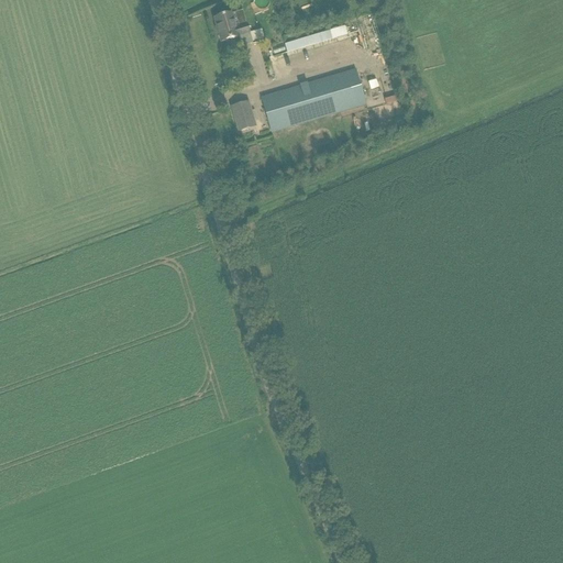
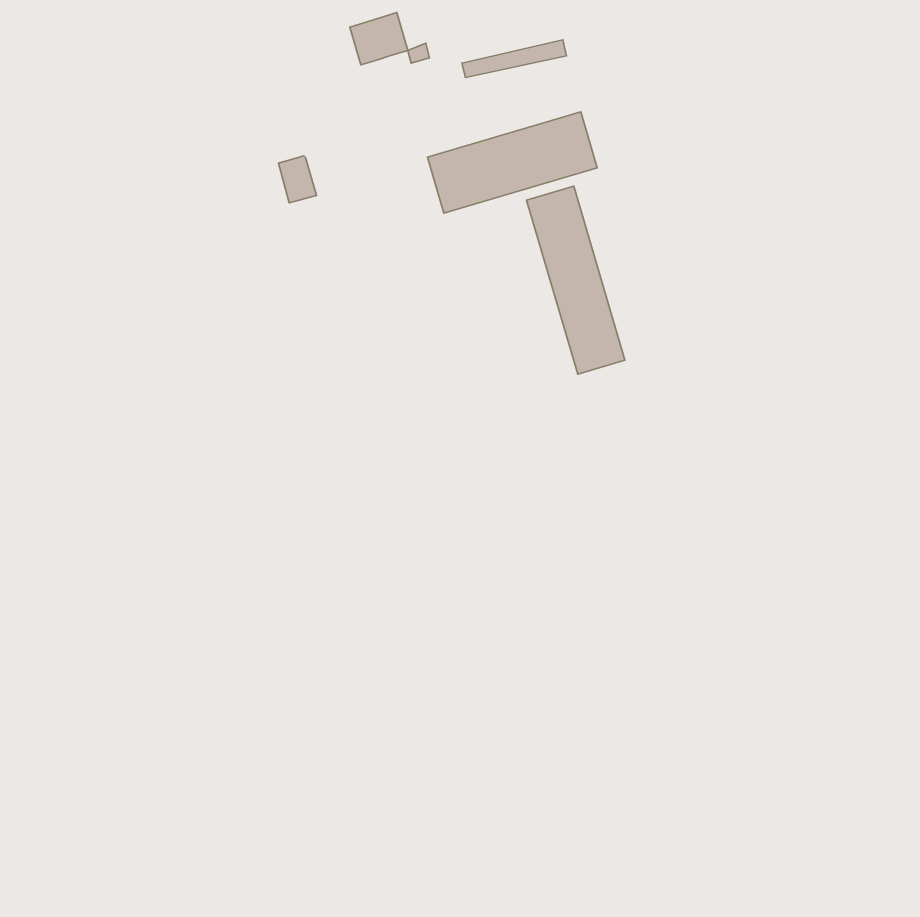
building: [231,100,254,129] -> [279,156,316,203]
building: none -> [527,186,625,374]

